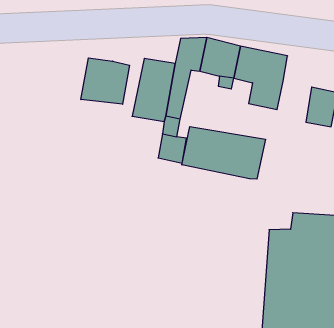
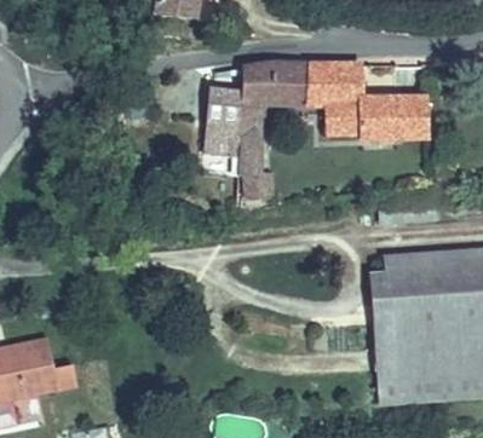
building: [81,58,129,104] -> none
building: none -> [363,98,397,139]
building: [182,127,265,179] -> none

